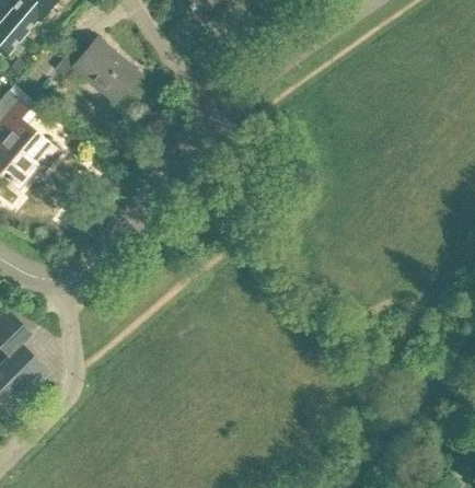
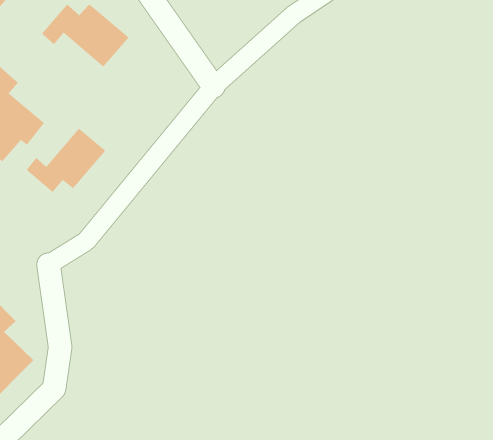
building: none -> [26,126,109,195]

